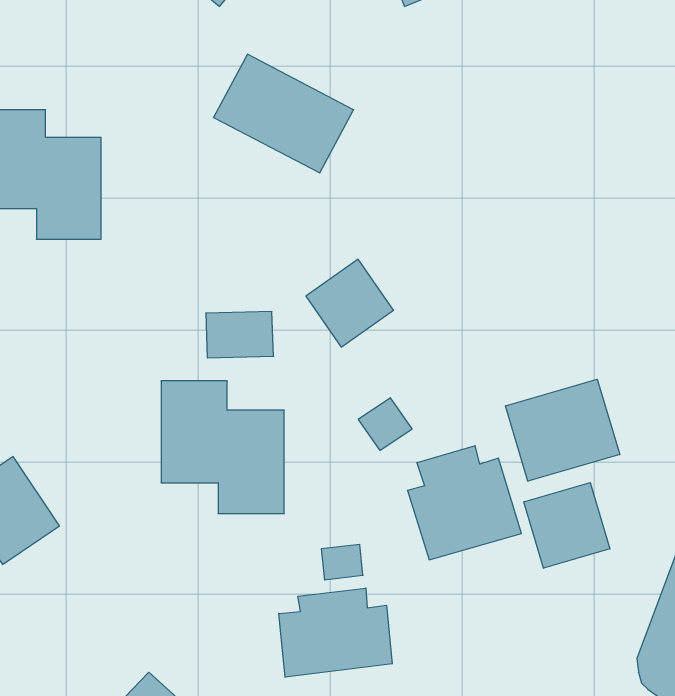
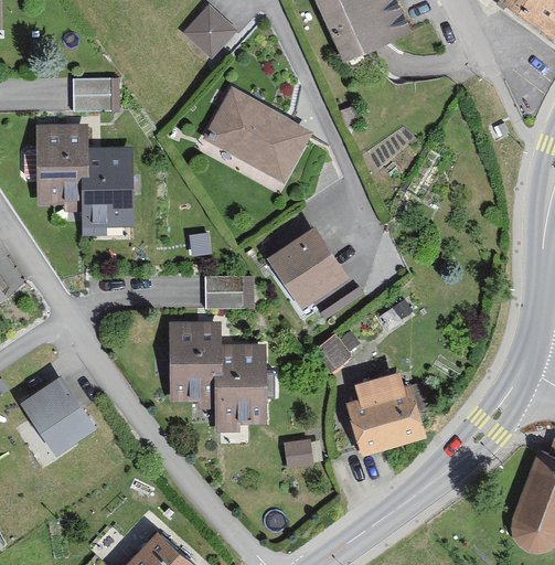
building: none -> [73,81,114,116]
building: [505,379,620,481] -> none
building: [524,483,610,568] -> none
building: [279,588,392,677] -> none

